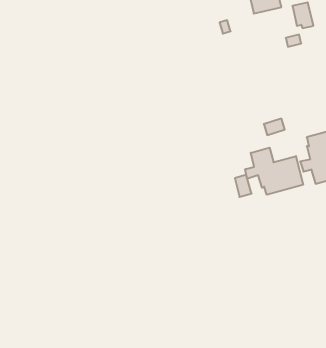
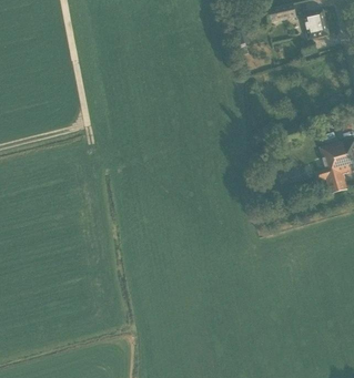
building: [245,148,303,195] -> none

